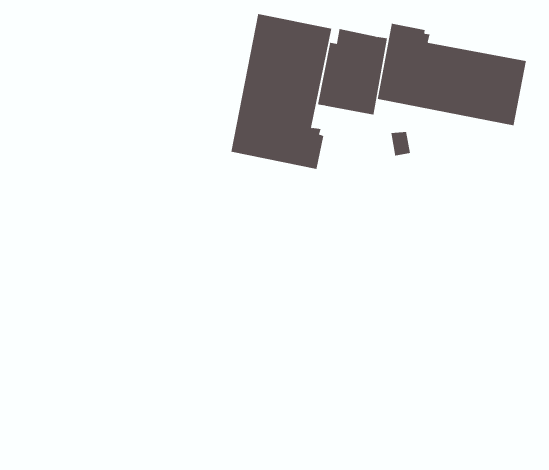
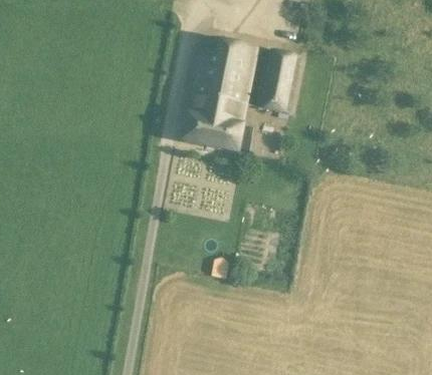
building: [377,23,526,126] -> none

